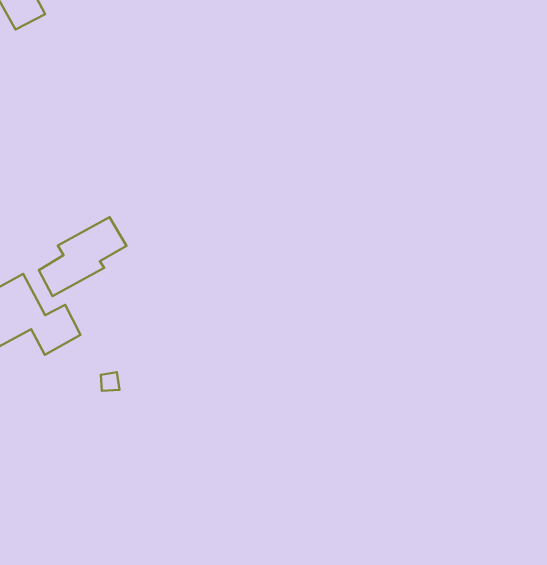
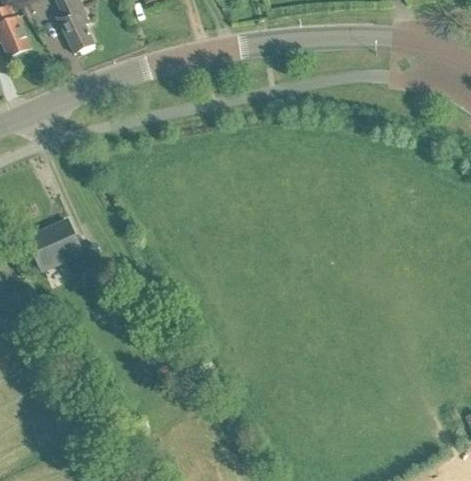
building: [39,217,127,296] -> none

